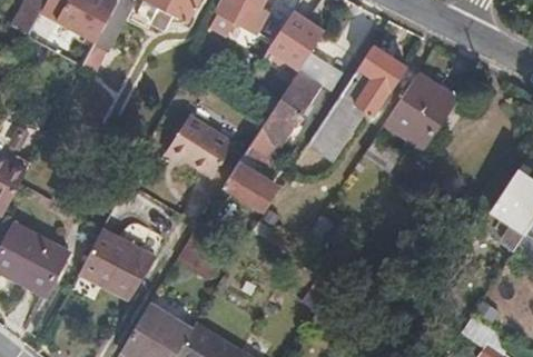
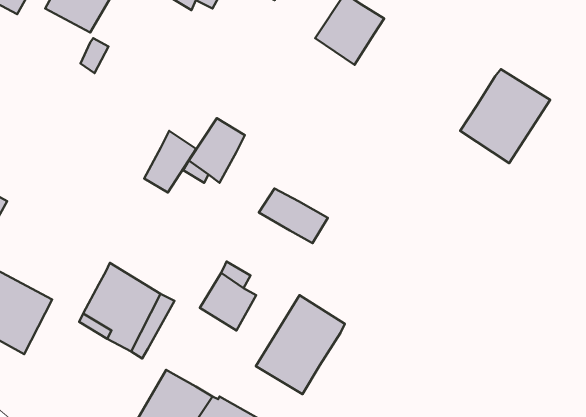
building: [244,43,325,166] -> none
building: [308,43,408,161] -> none
building: [193,123,234,172] -> [144,131,196,193]
building: none -> [256,295,345,394]

